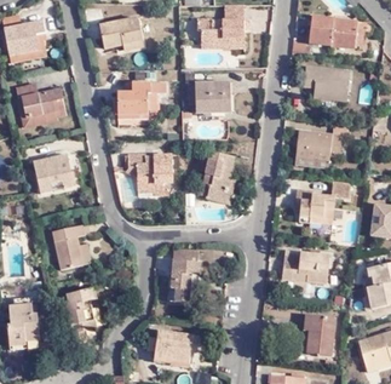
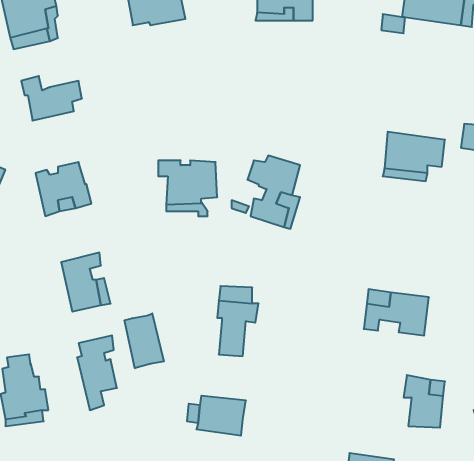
building: [305,67,350,101] -> none
building: [115,78,163,110] -> none
building: [192,79,228,109] -> none
building: [21,101,70,131] -> none
building: [295,180,352,223] -> none
building: none -> [125,313,164,368]

